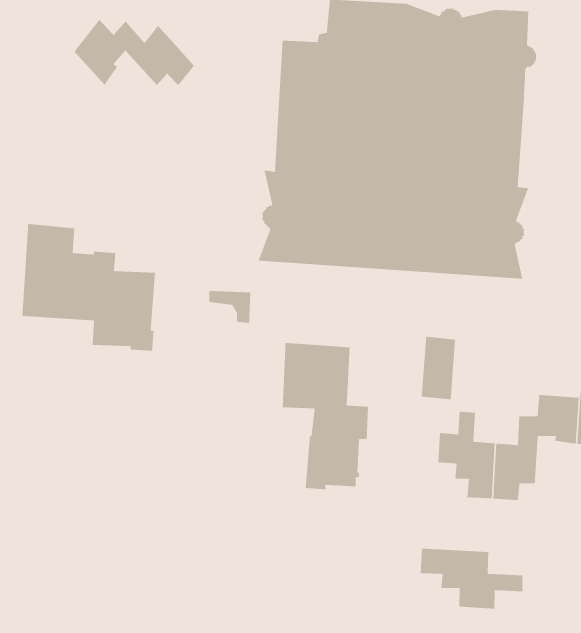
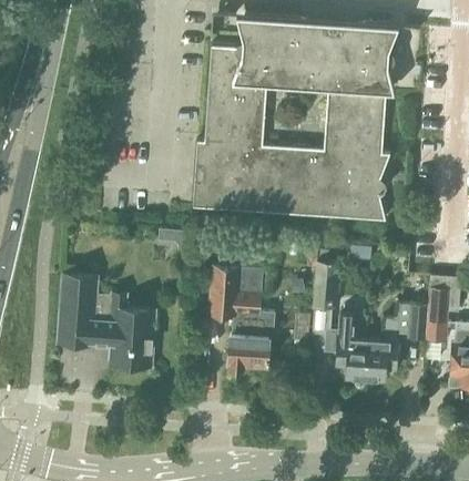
building: [73,19,195,86] -> none
building: [22,223,156,352] -> [59,275,156,368]
building: [420,548,523,609] -> none

